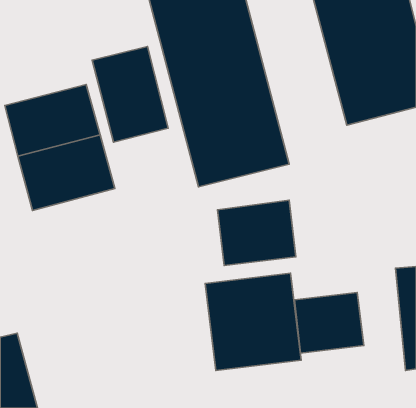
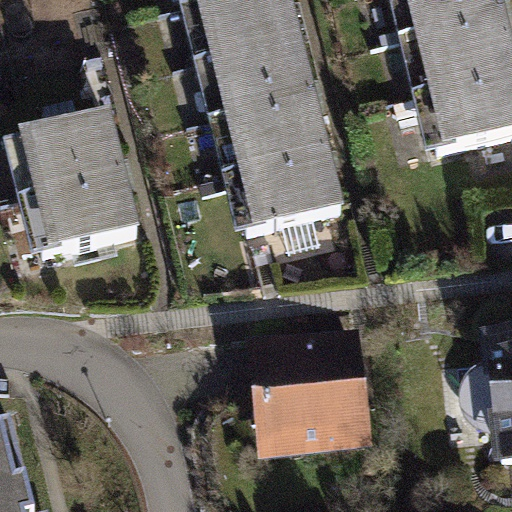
building: [92,47,168,142] -> none
building: [217,200,296,266] -> none
building: [294,292,364,353] -> none

